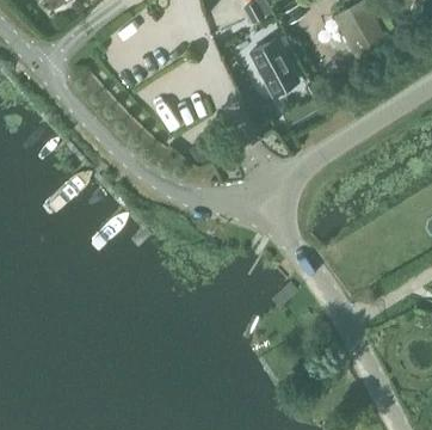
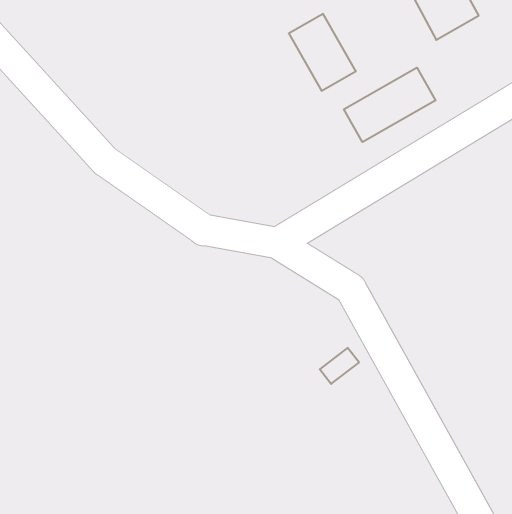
building: none -> [344,68,436,142]

